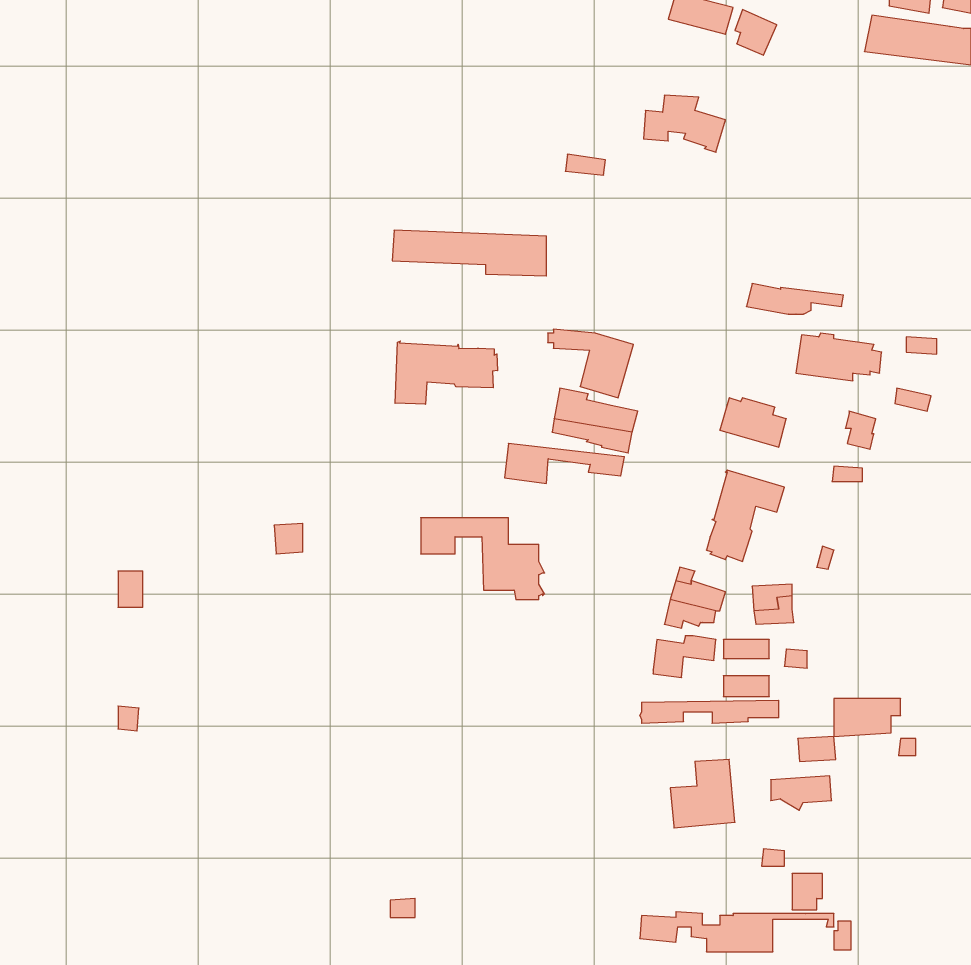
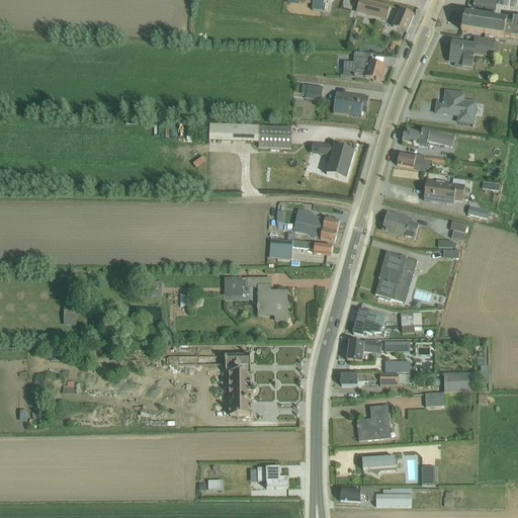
building: none -> [449,34,499,67]
building: none -> [435,89,477,123]
building: none -> [333,91,368,112]
building: none -> [402,126,454,145]
building: [548,329,633,398] -> [309,142,354,178]
building: [395,341,498,404] -> none
building: none -> [225,352,256,414]
building: [771,776,832,810] -> [362,455,395,473]
building: none -> [257,464,287,486]

